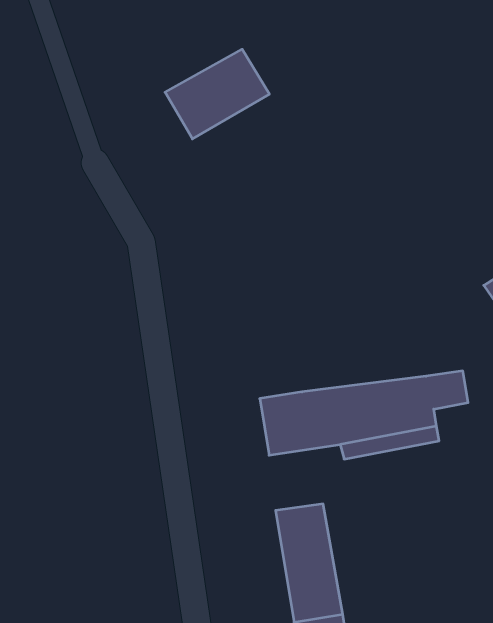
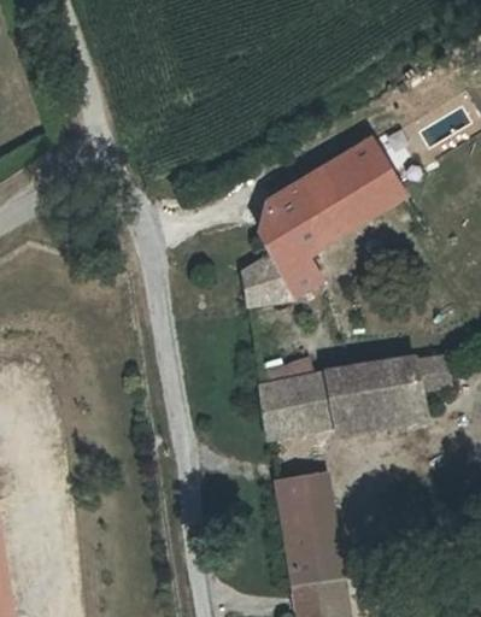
building: [165,49,269,139] -> none
building: none -> [241,147,401,300]

